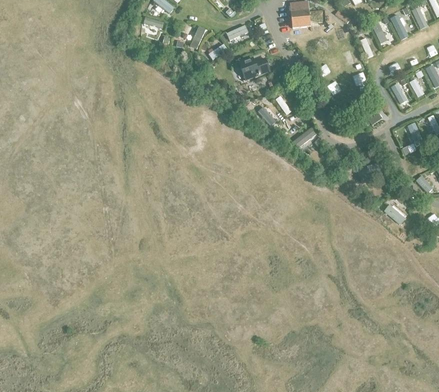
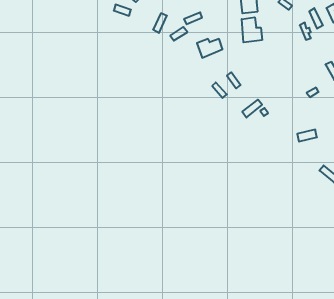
building: none -> [242,17,262,42]

